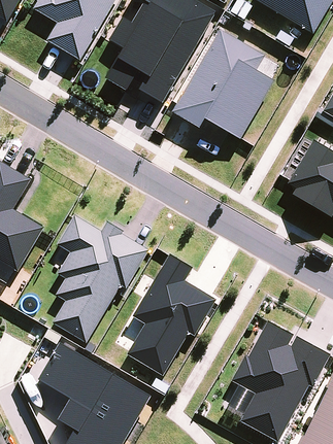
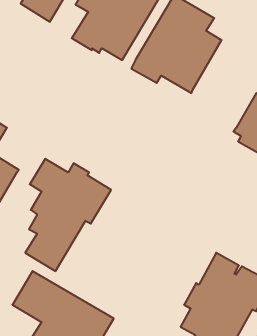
building: [127,253,215,374] -> none

